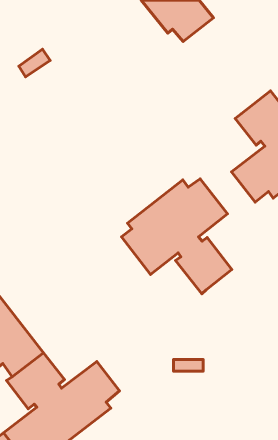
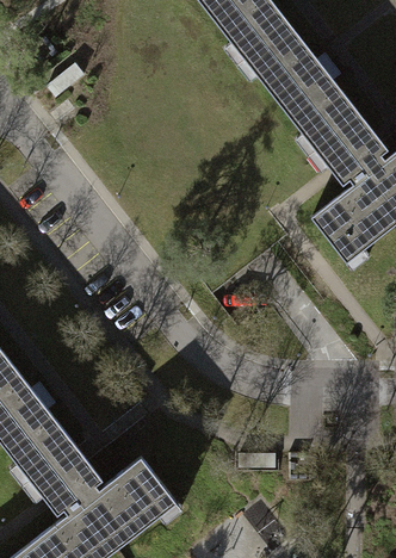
building: none -> [250,25,360,145]
building: [122,179,232,294] -> none

